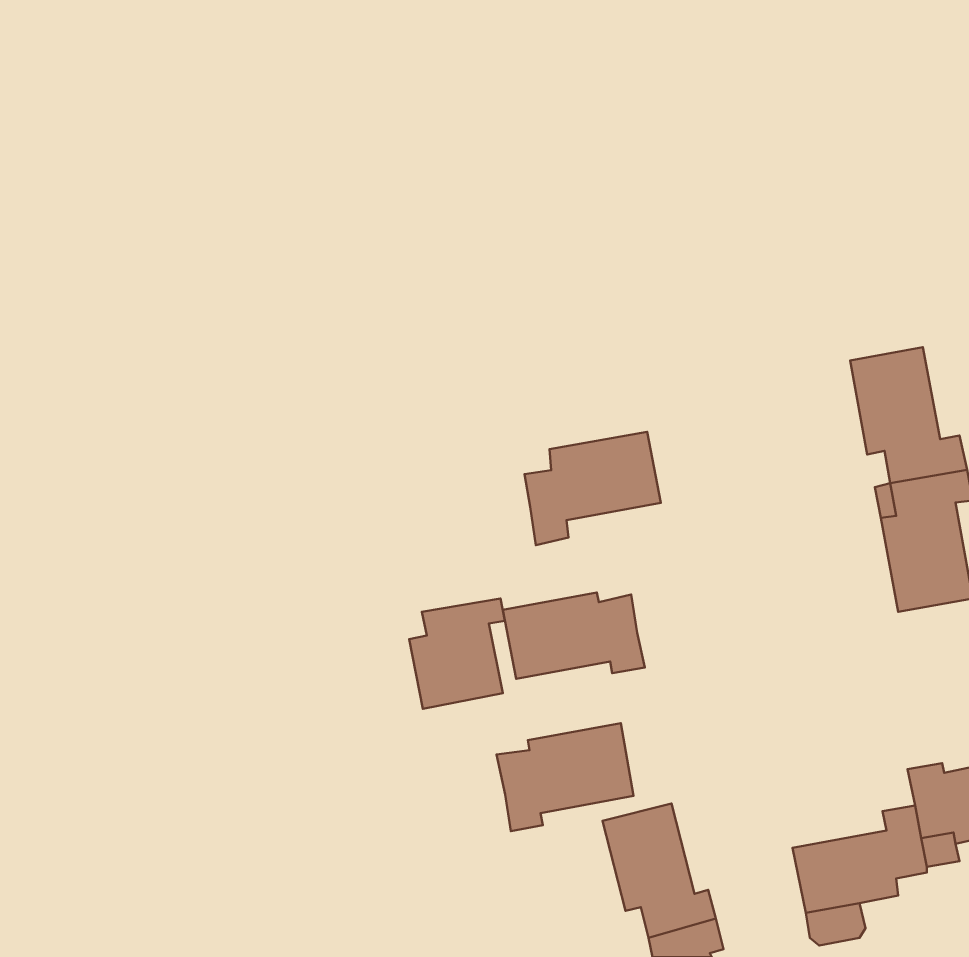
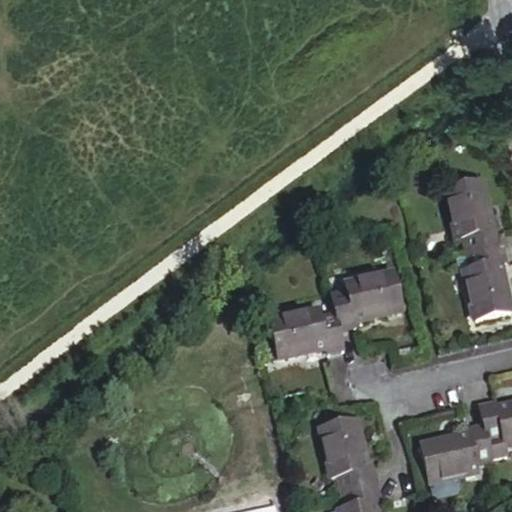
building: [524,432,661,545] -> [332,271,403,330]
building: [409,598,505,709] -> none
building: [497,723,633,831] -> none

